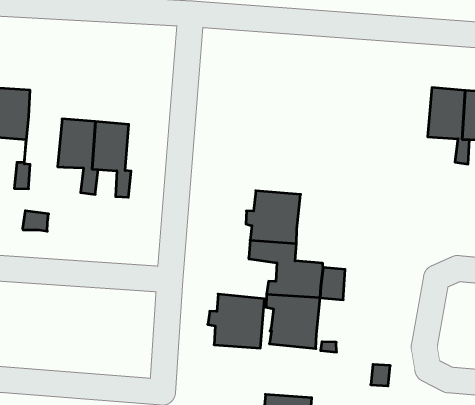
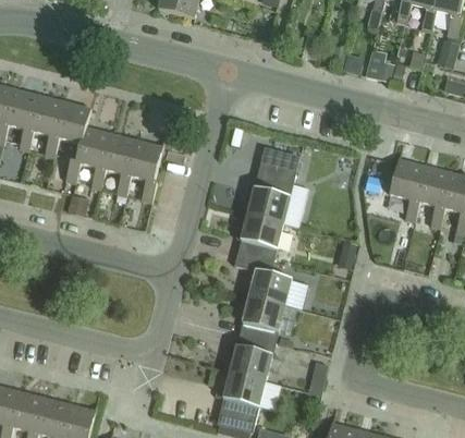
building: none -> [77,125,112,187]
building: none -> [249,160,297,221]
building: [208,294,265,348] -> [229,331,276,378]

